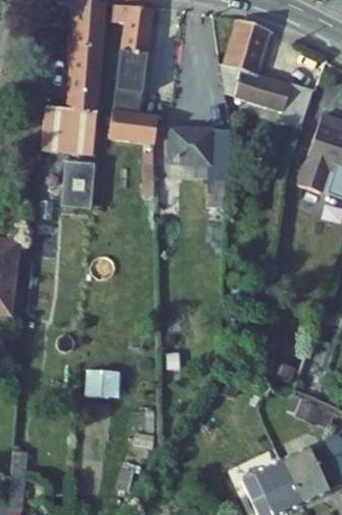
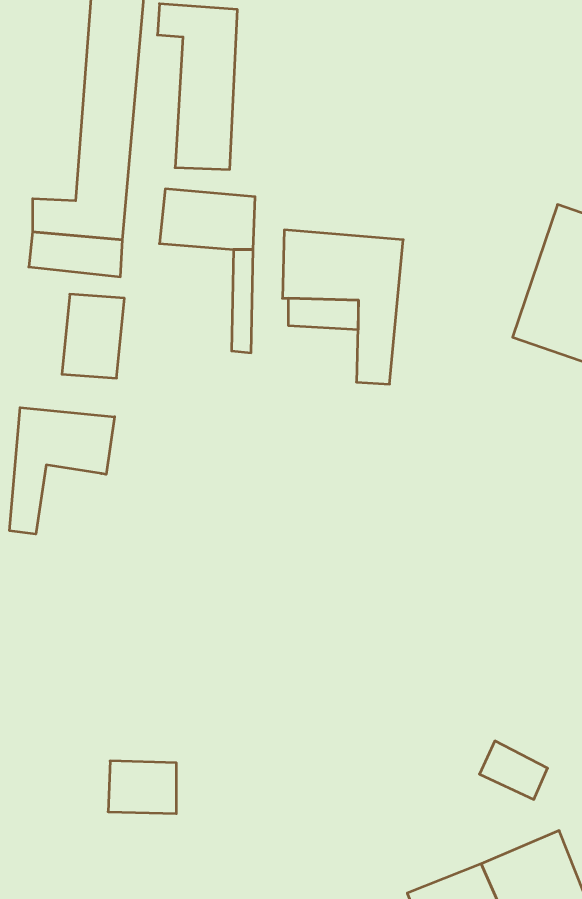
building: [227,11,310,120] -> none
building: none -> [10,408,115,534]
building: [83,366,118,393] -> [108,761,176,814]

